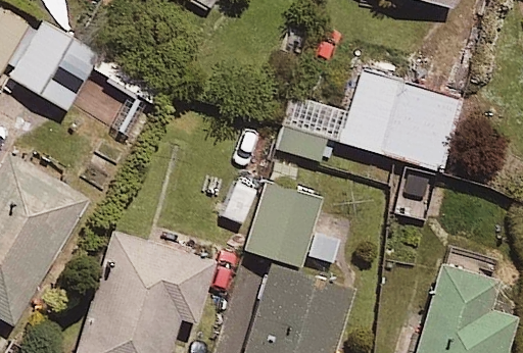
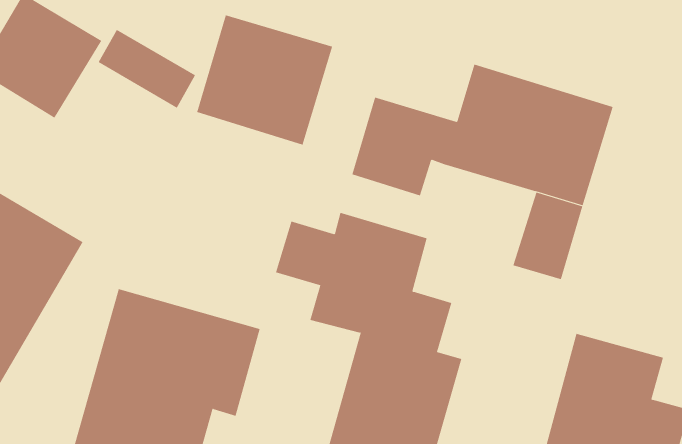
building: none -> [196,14,333,146]

